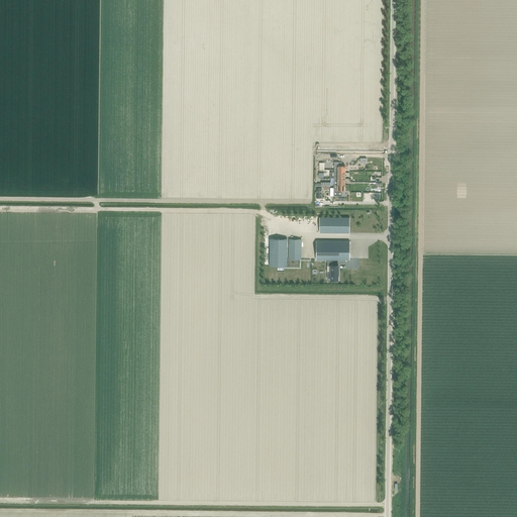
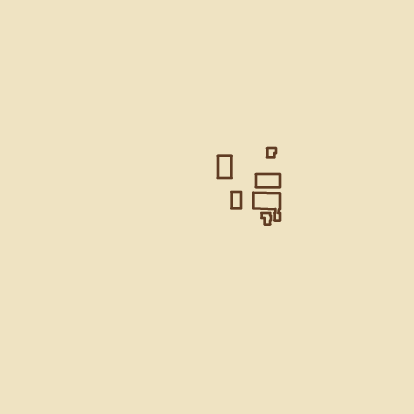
building: [269,239,286,267] -> [218,156,232,178]

